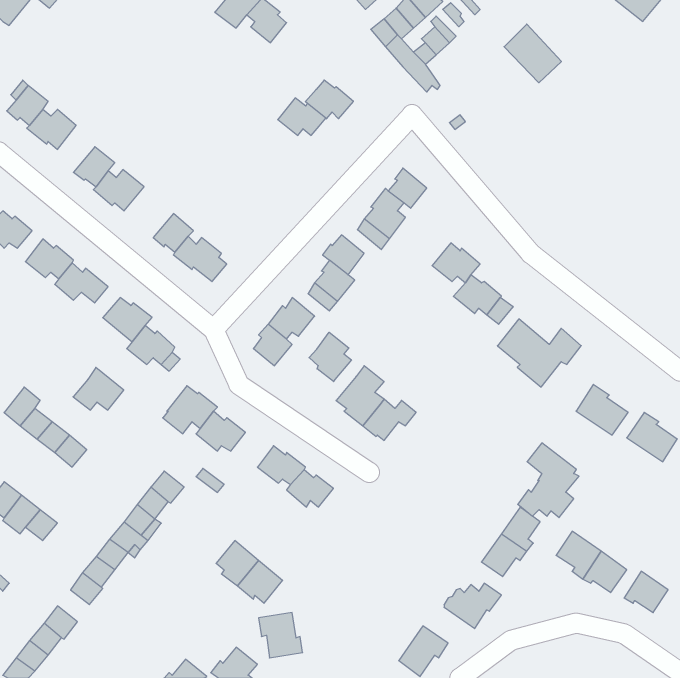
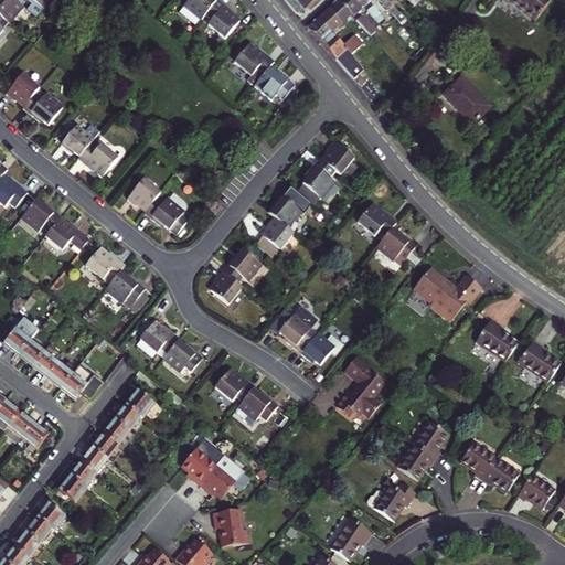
building: [504,24,561,83] -> [443,74,490,122]
building: [278,98,326,135] -> [234,43,274,74]
building: [309,332,351,382] -> none
building: [73,367,124,410] -> [60,362,102,397]
building: [518,443,579,518] -> [337,351,387,413]

